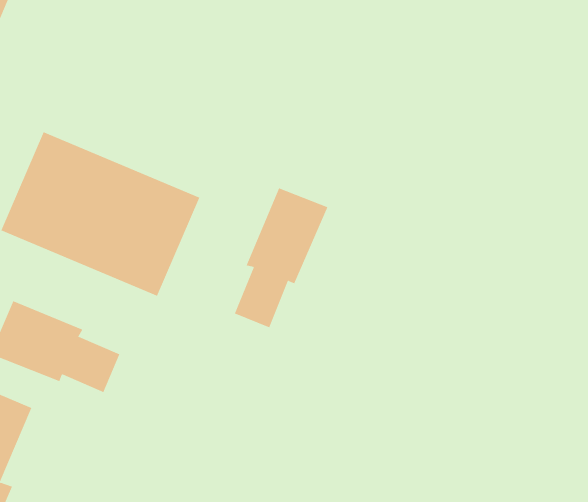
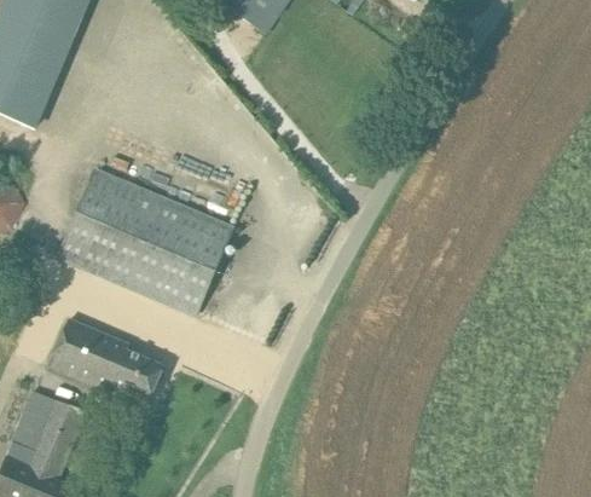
building: [234,188,328,328] -> none

